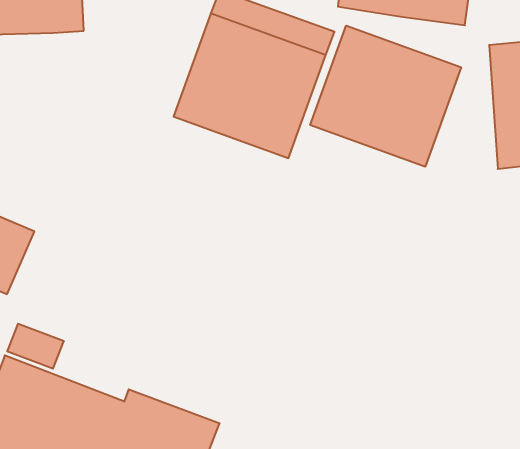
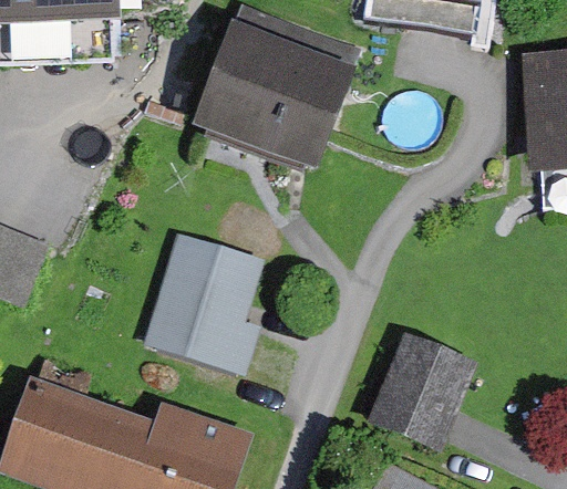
building: [310,26,461,167] -> none
building: none -> [148,230,275,373]
building: none -> [358,333,468,455]

